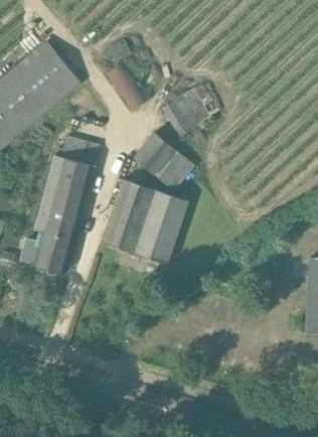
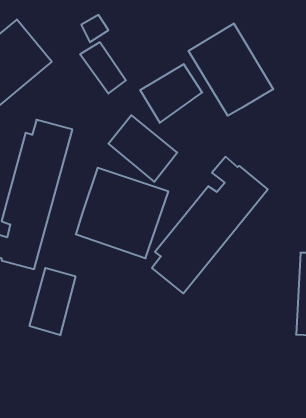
building: none -> [189,23,273,116]
building: none -> [152,157,268,293]
building: none -> [30,268,75,335]

